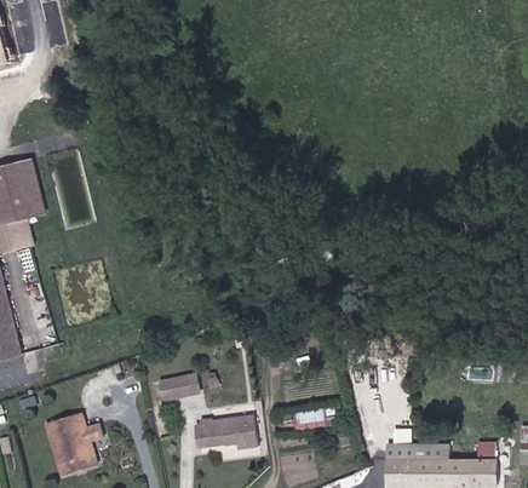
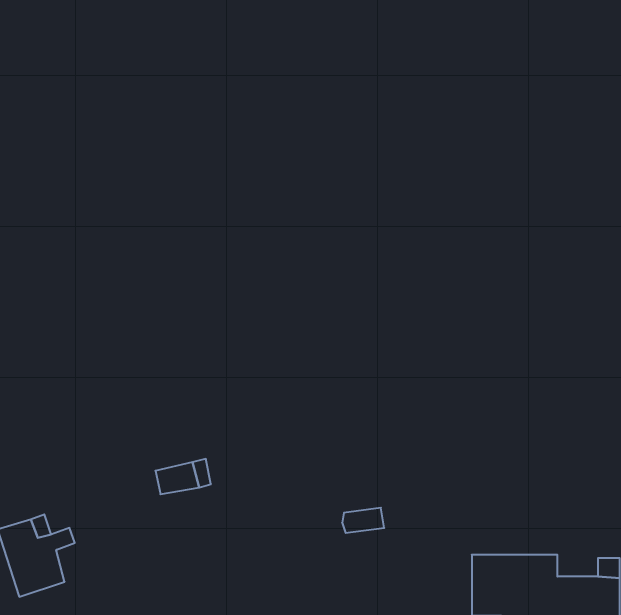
building: [199,415,259,447] -> none

